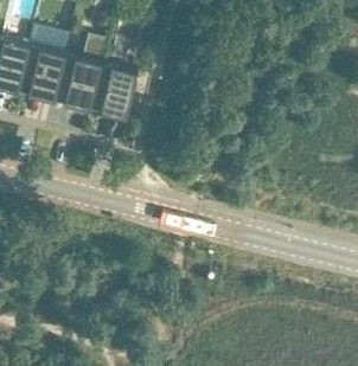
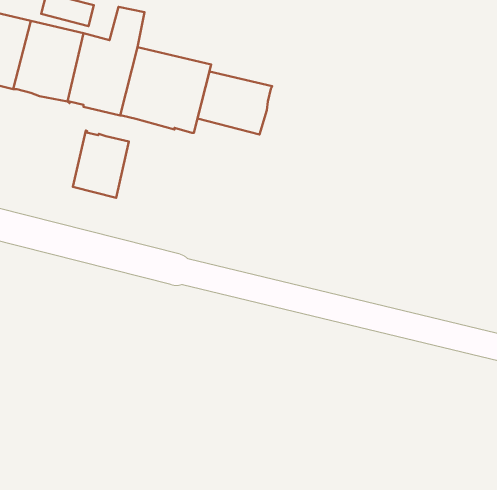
building: none -> [197,71,272,135]
building: none -> [73,131,129,198]

